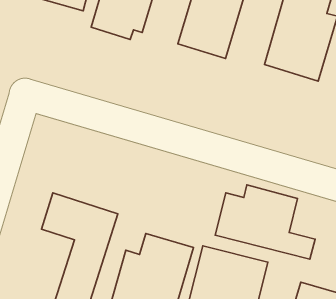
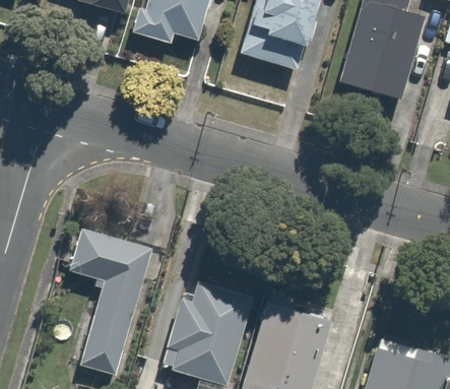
building: [215,185,315,259] -> none

